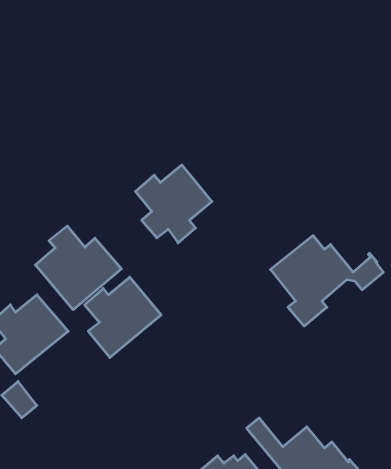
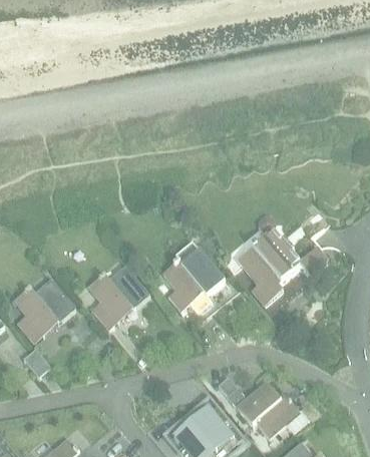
building: [135,165,212,243] -> [161,253,223,315]
building: [35,226,121,310] -> none

